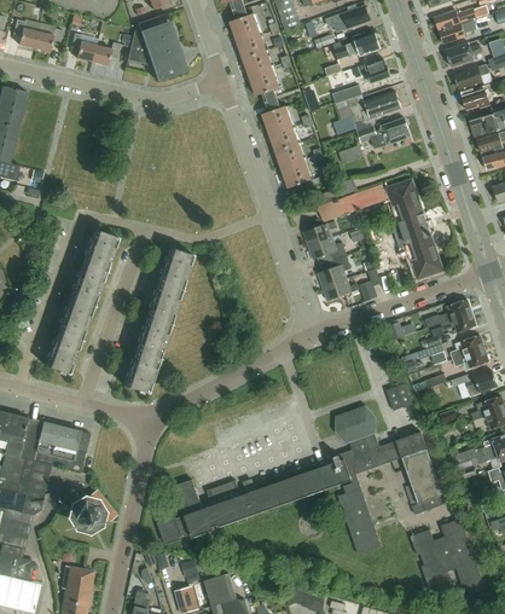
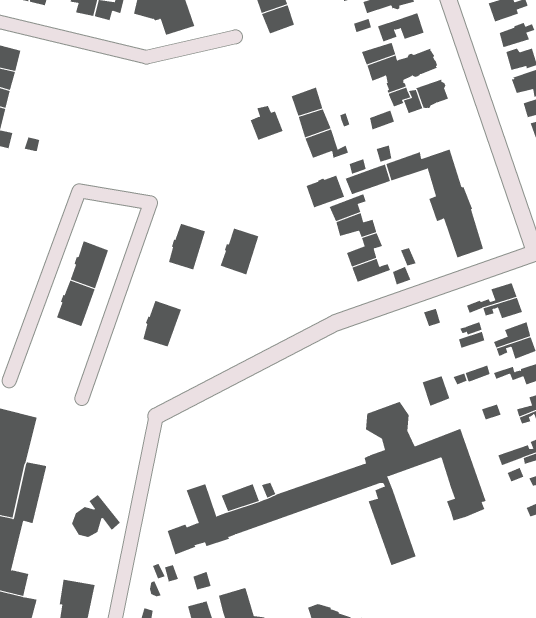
building: [250,69,279,99] -> none
building: [262,102,292,133] -> [250,105,283,140]
building: none -> [306,175,345,208]
building: [83,228,120,271] -> none
building: [147,282,182,324] -> [220,228,259,275]
building: [47,331,82,375] -> none
building: [124,351,159,393] -> none
building: [33,421,91,473] -> none
building: [411,519,483,589] -> none

